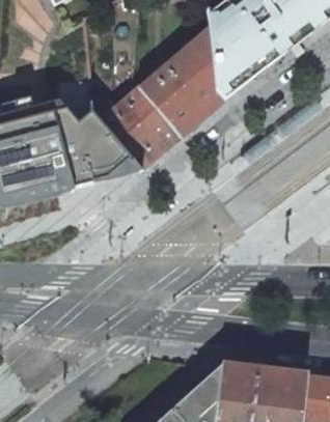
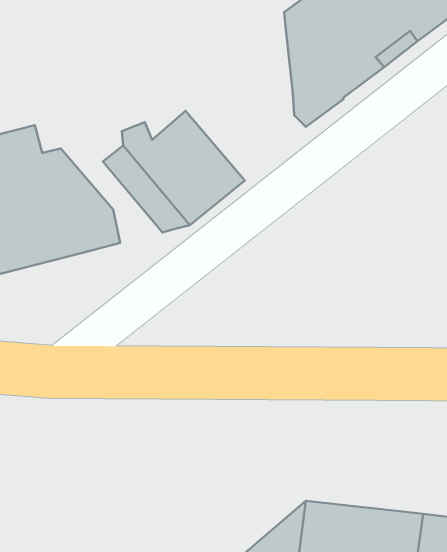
building: [136,27,222,137] -> none
building: [47,109,119,181] -> none

